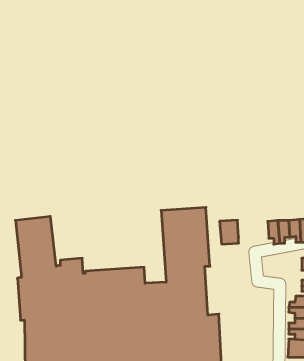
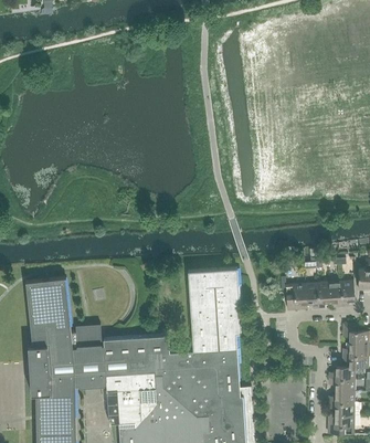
building: [220,220,239,244] -> [286,284,307,310]

